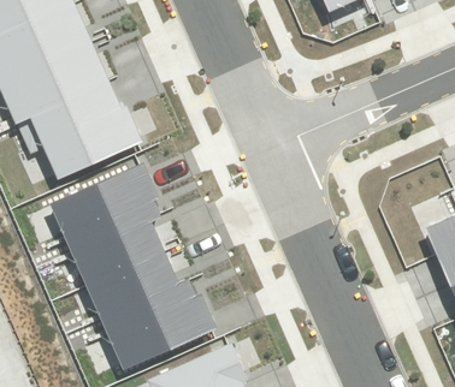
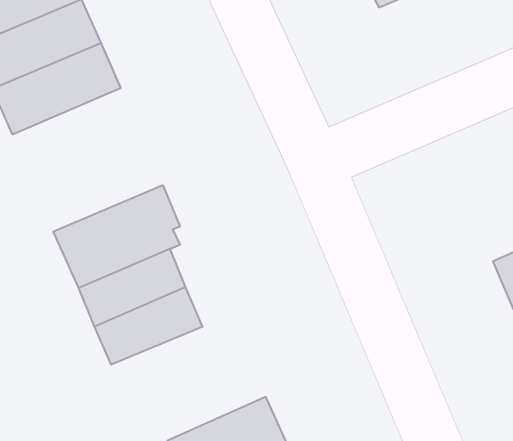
building: [16,81,143,180] -> none
building: [100,279,218,369] -> none

